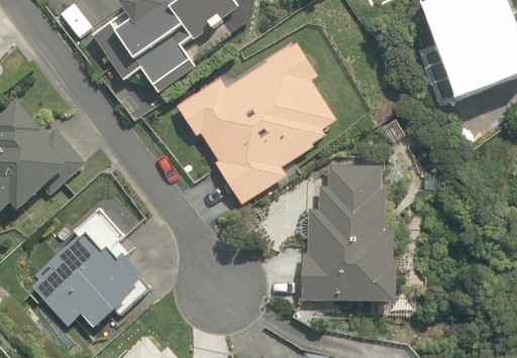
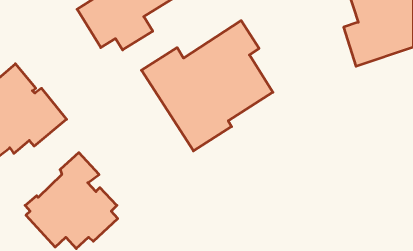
building: [298,165,402,312] -> none

